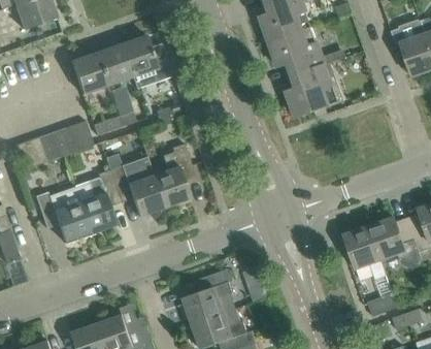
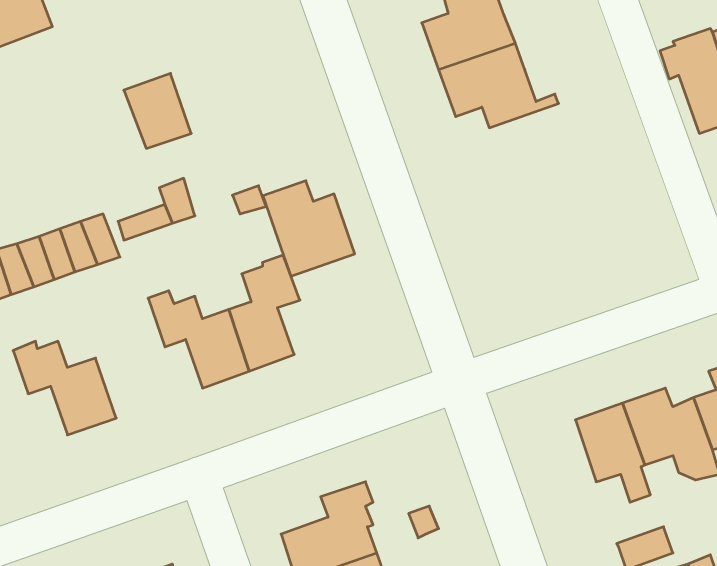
building: [121,35,171,88] -> [263,181,355,276]
building: [69,53,107,94] -> none
building: [286,60,340,117] -> none
building: [79,167,118,233] -> none

